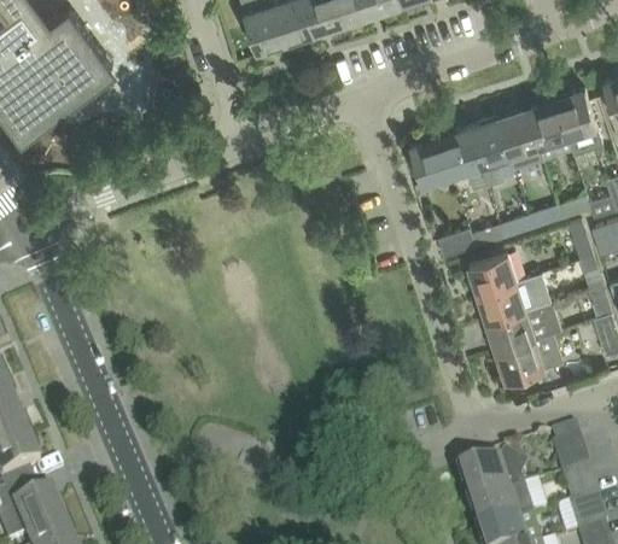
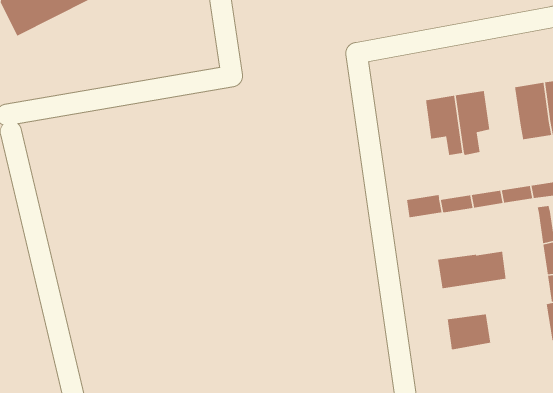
building: [499,107,544,169] -> none
building: [410,135,453,183] -> none
building: [470,250,518,292] -> none
building: [489,300,562,350] -> none

